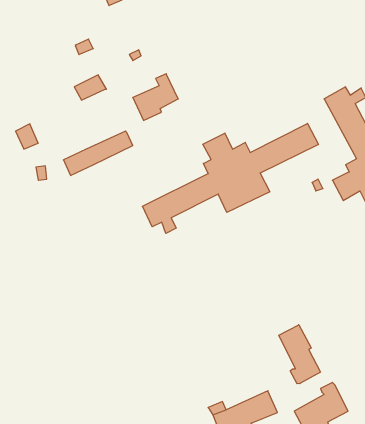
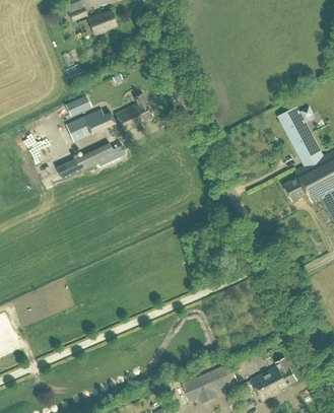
building: none -> [64,109,117,143]
building: [142,123,318,233] -> none
building: [279,325,320,384] -> none

